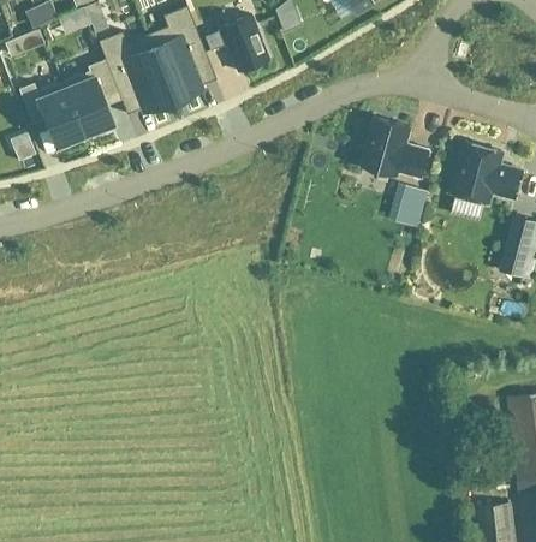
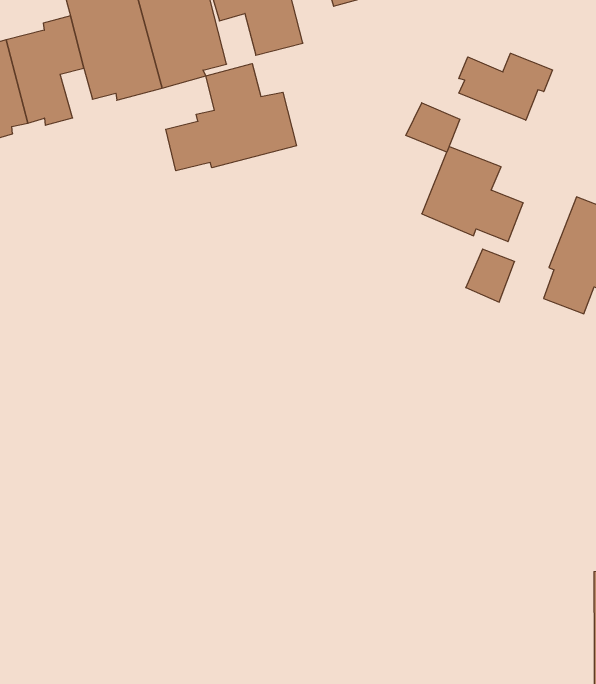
building: none -> [459,53,553,120]
building: none -> [166,64,297,171]
building: none -> [406,103,460,152]

